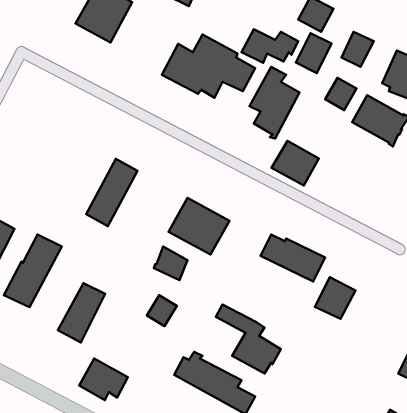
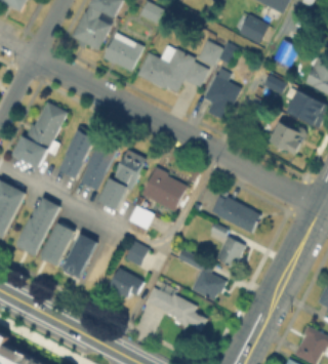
building: none -> [102,33,142,72]
building: [296,33,331,73] -> none
building: none -> [22,102,68,165]
building: [271,141,319,185] -> [271,121,306,155]
building: none -> [56,128,97,181]
building: none -> [98,151,145,208]
building: none -> [41,221,75,261]
building: [315,277,355,319] -> [215,237,246,269]
building: [79,358,128,400] -> [107,268,143,299]

